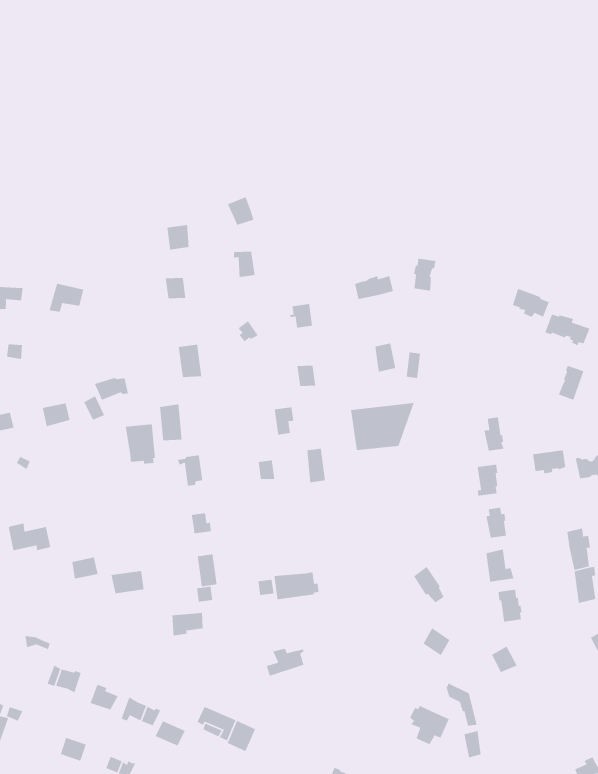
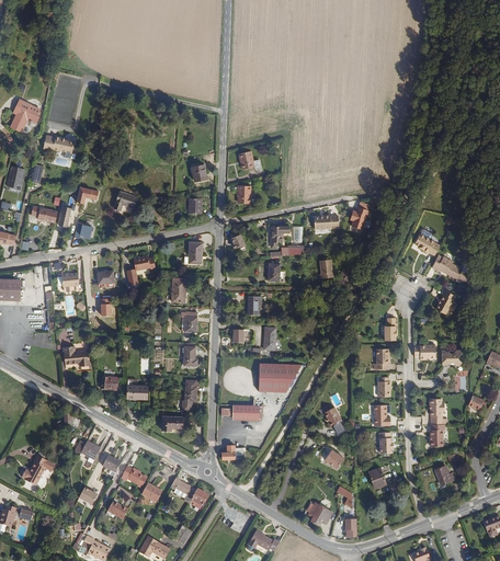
building: [350,402,415,451] -> [258,360,300,389]
building: [125,423,156,464] -> none

